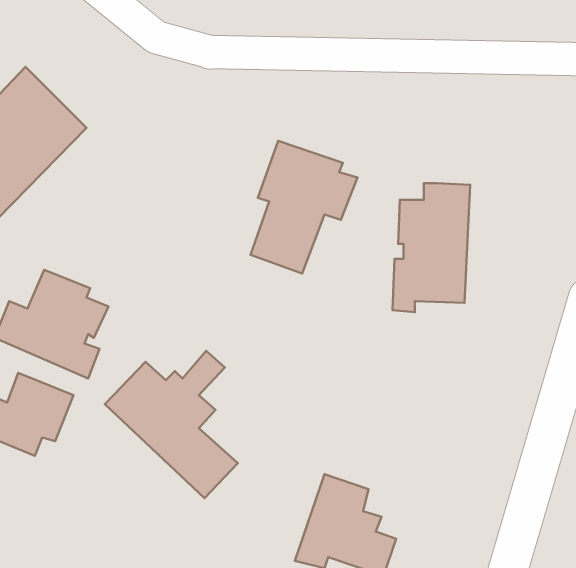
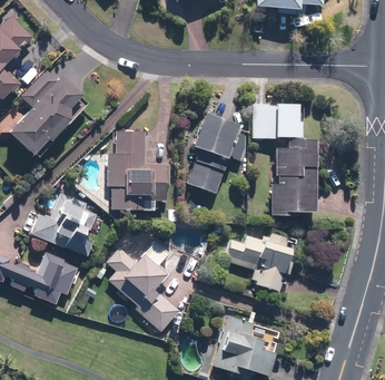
building: none -> [254,105,300,138]
building: none -> [105,130,171,212]
building: none -> [229,234,287,291]

